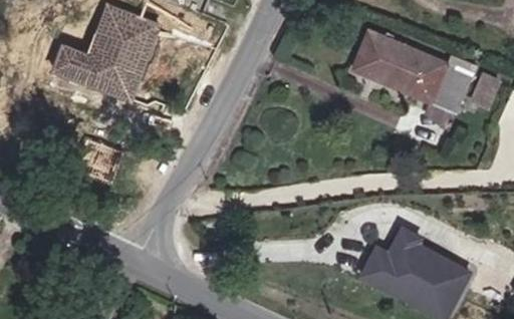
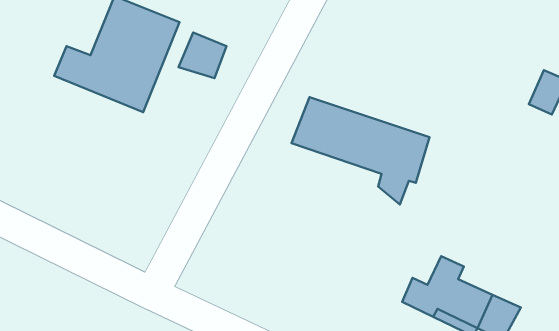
building: [335,32,457,126] -> [291,97,429,205]
building: none -> [178,33,226,78]

